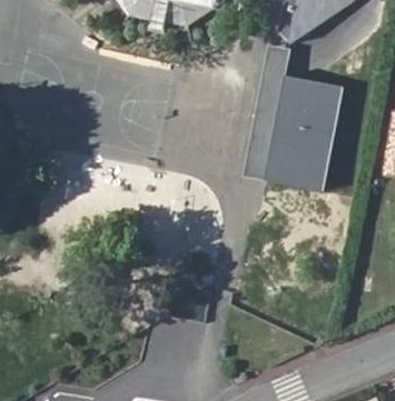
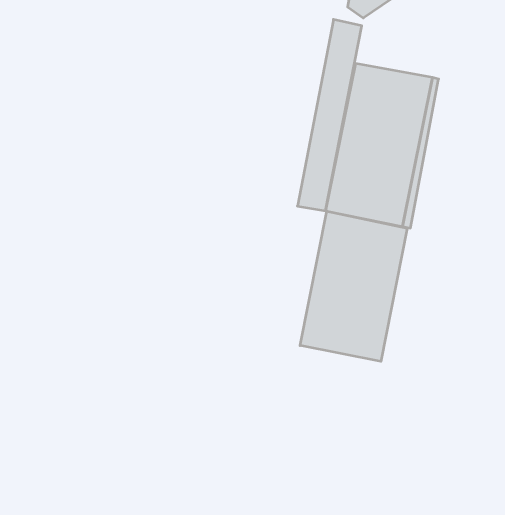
building: none -> [300,211,407,361]

